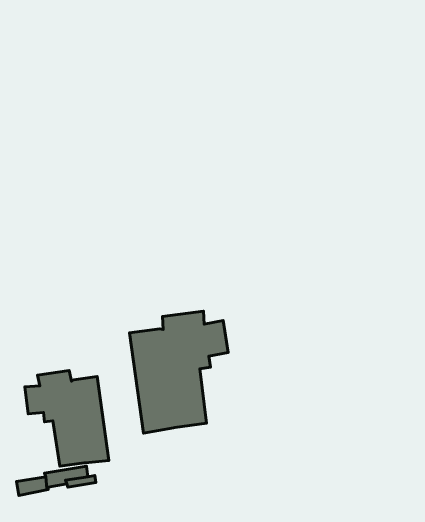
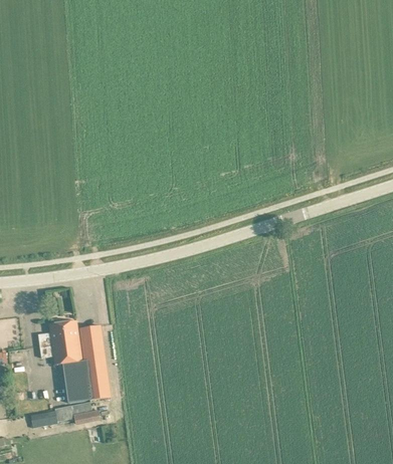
building: [130,311,228,433] -> none

